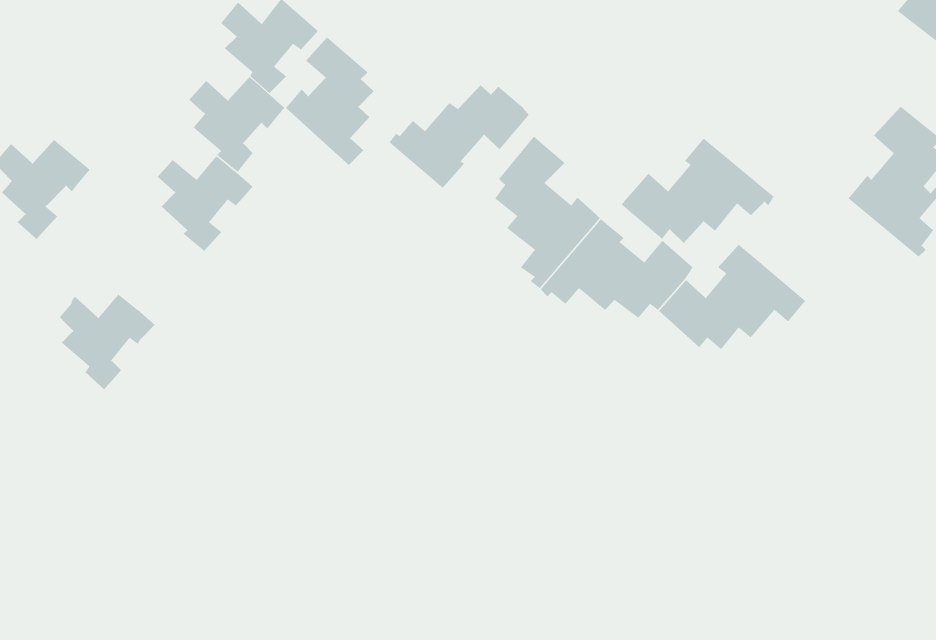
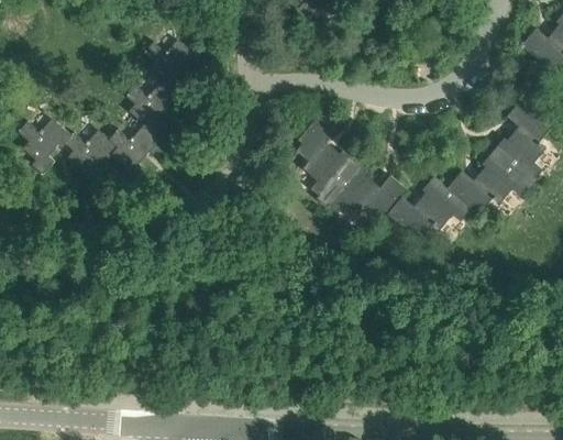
building: [285,36,374,166] -> none
building: [389,85,530,189] -> none
building: [621,137,774,244] -> [448,151,533,210]
building: [59,293,156,390] -> [65,130,119,184]

